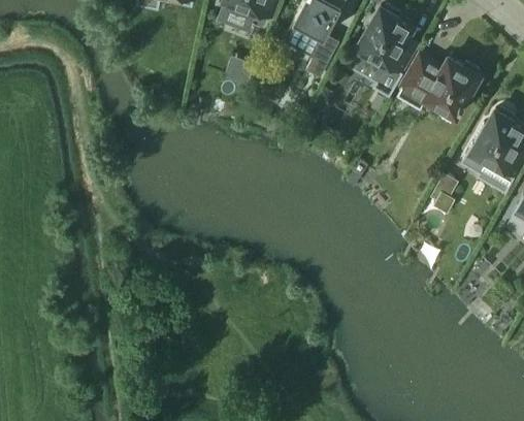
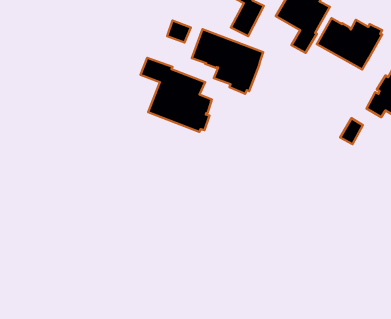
building: none -> [192,29,263,94]
building: none -> [141,58,212,132]

